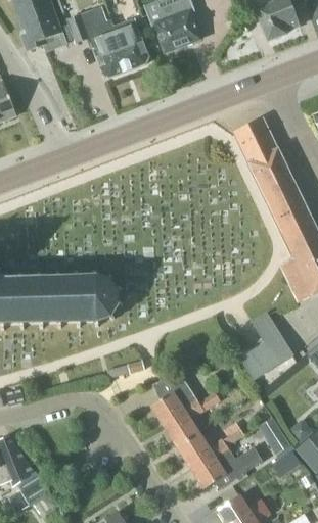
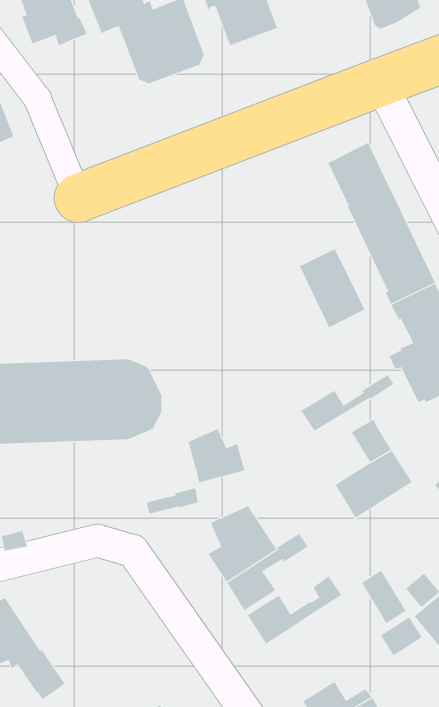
building: none -> [299,249,365,328]
building: none -> [301,374,394,431]
building: none -> [188,428,245,483]
building: [191,444,262,487] -> none

